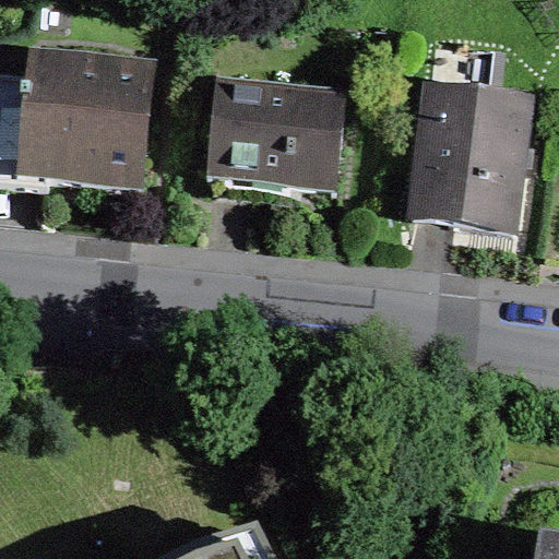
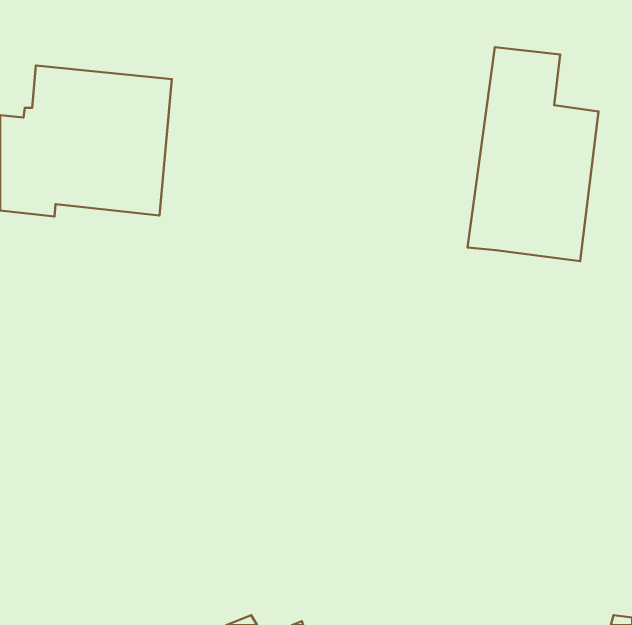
building: [207,76,346,191] -> none

